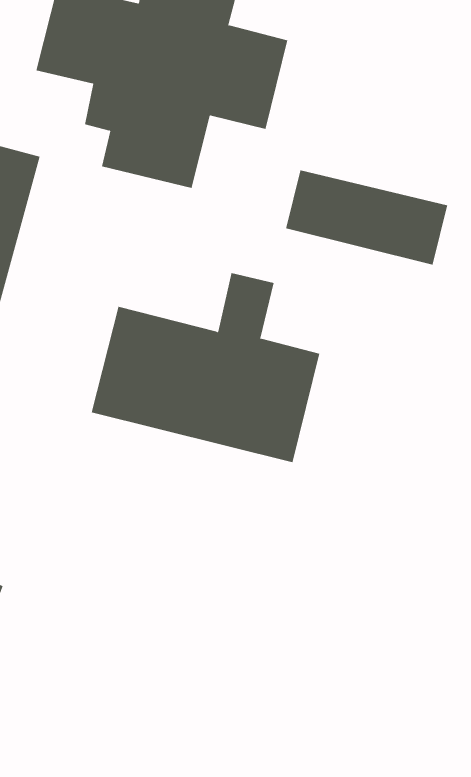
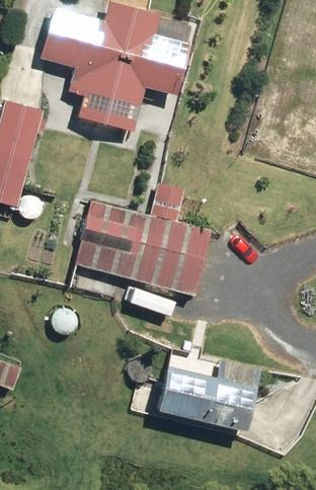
building: [286,170,448,266] -> none
building: none -> [159,357,263,430]

